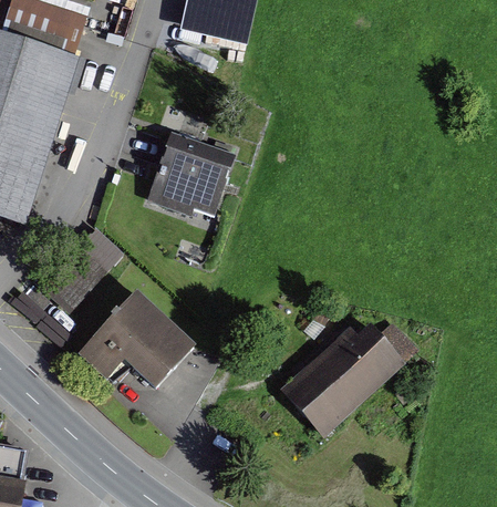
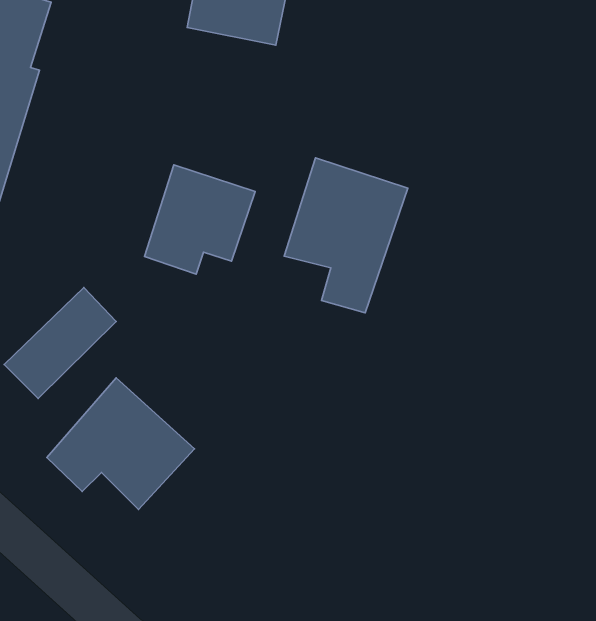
building: none -> [284,158,408,313]
building: [282,320,406,441] -> none

